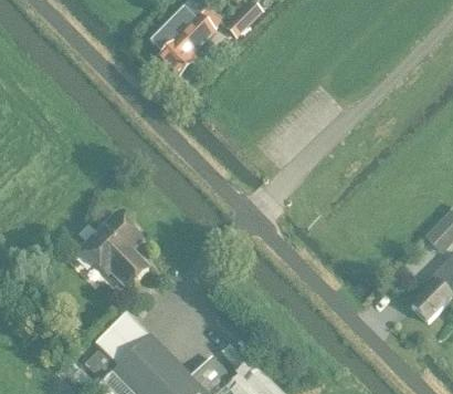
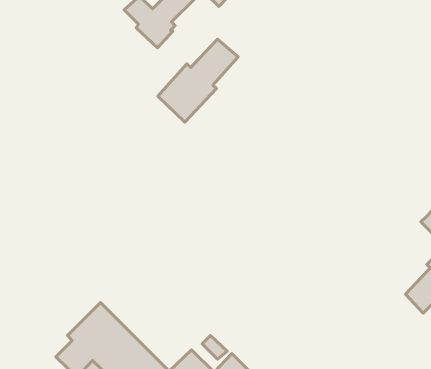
building: none -> [158,39,238,122]
building: [83,214,148,287] -> none

